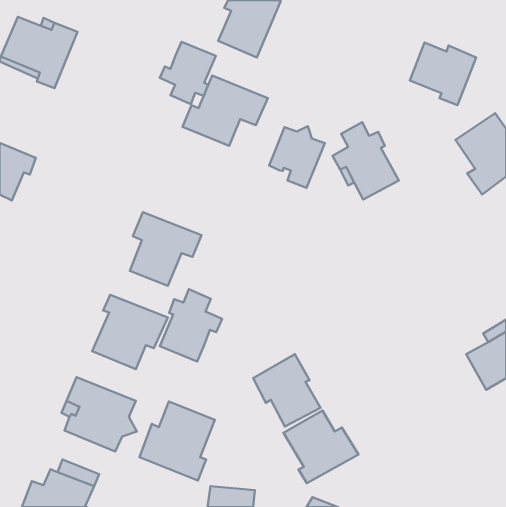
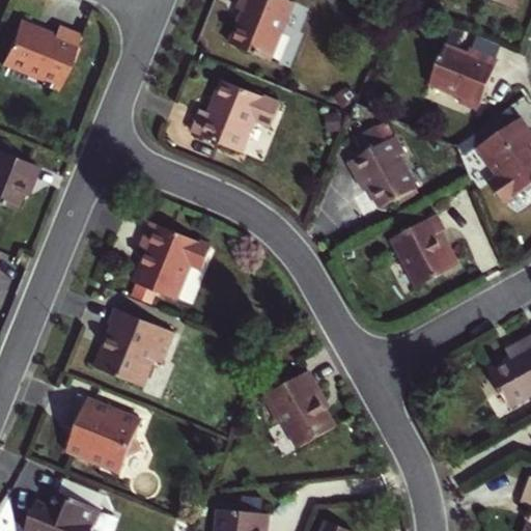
building: [160,42,216,104] -> none
building: [269,126,325,188] -> none
building: none -> [390,214,455,287]
building: [160,289,222,362] -> none
building: [140,401,215,480] -> none
building: [283,411,358,483] -> none

